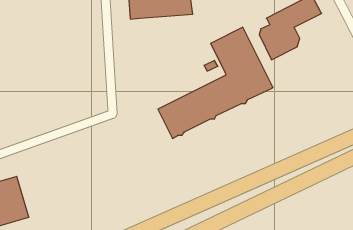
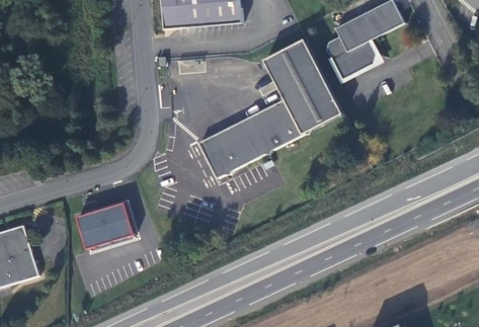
building: none -> [77,203,134,249]

